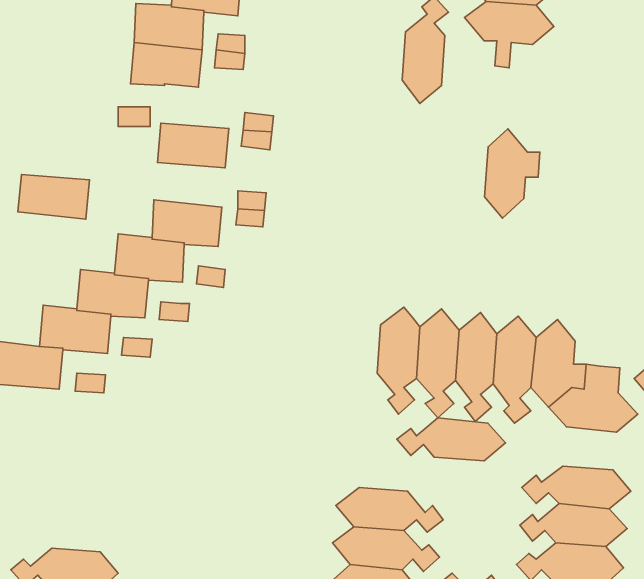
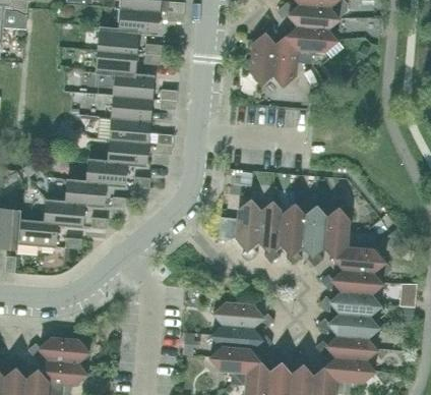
building: none -> [113,73,153,99]
building: [484,129,540,218] -> [272,36,304,87]
building: [18,174,89,219] -> [109,118,149,144]
building: [397,418,506,461] -> [320,269,382,293]

